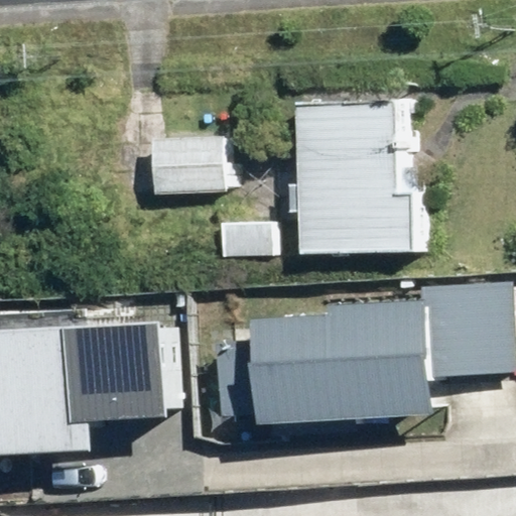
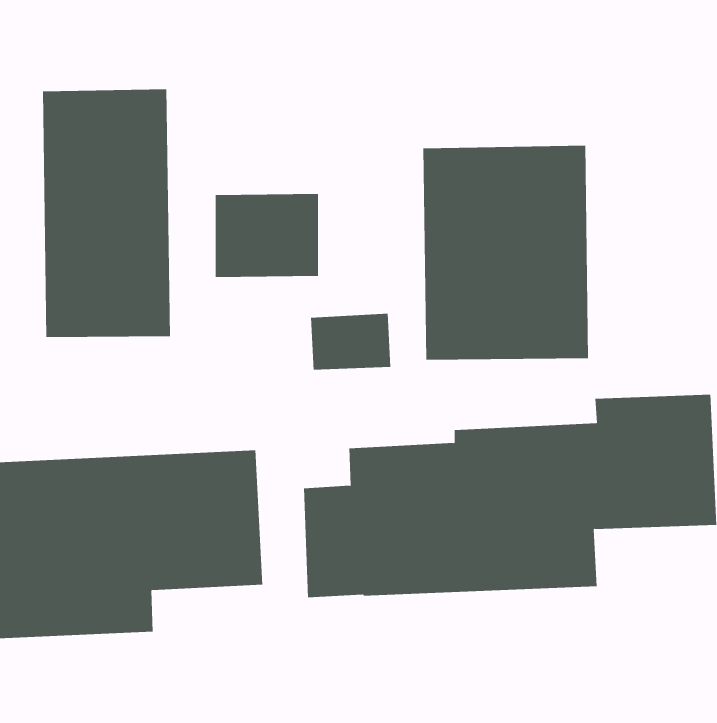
building: none -> [42,88,170,338]

